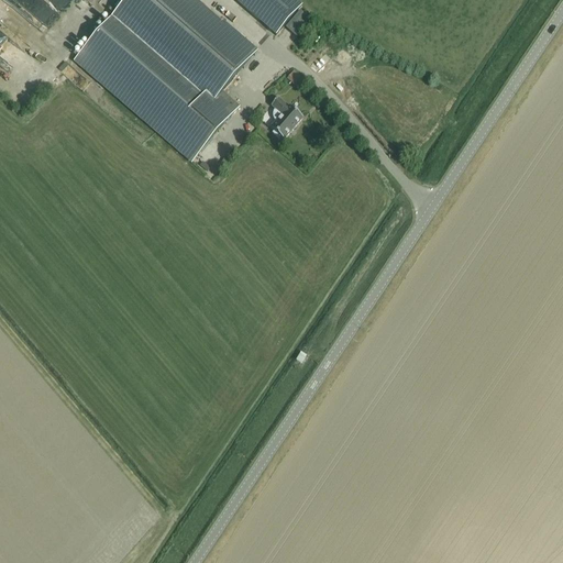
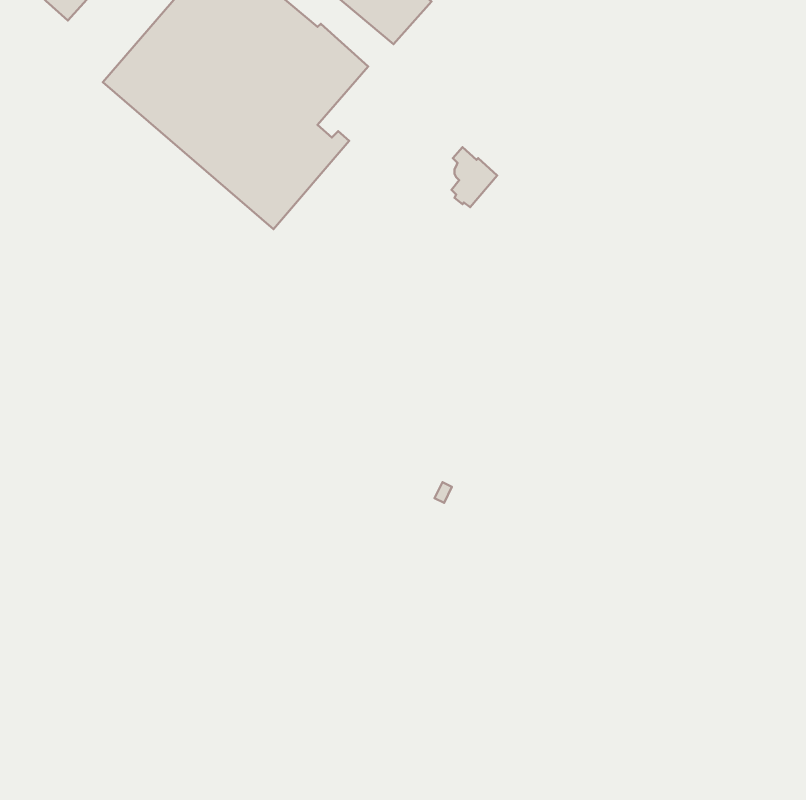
building: [269,93,301,135] -> [451,147,497,207]

